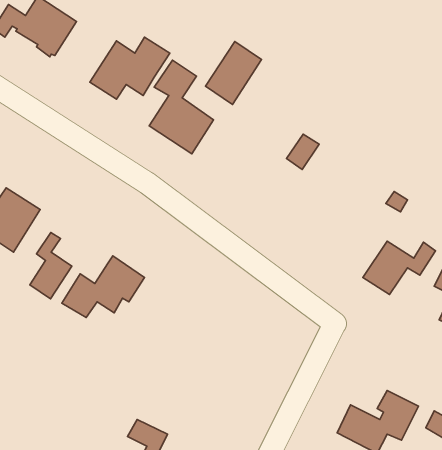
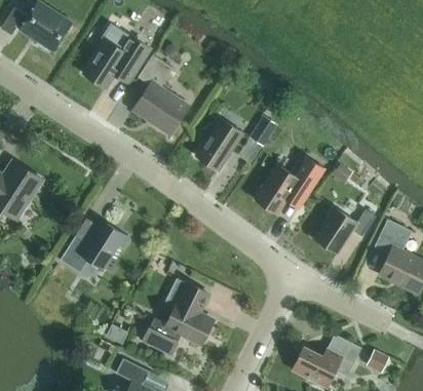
building: [206,41,261,104] -> [196,117,243,170]
building: none -> [255,159,324,213]
building: [30,232,72,299] -> none
building: none -> [142,278,214,356]

